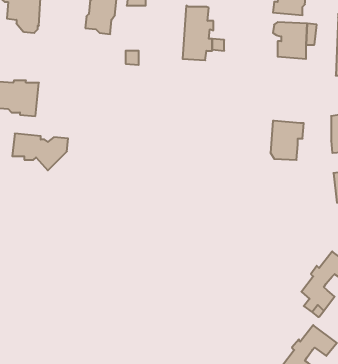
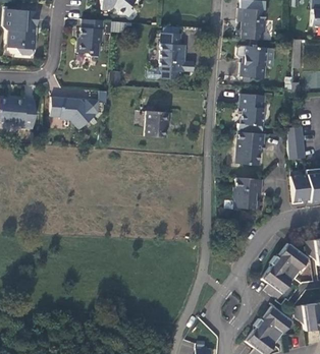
building: none -> [238,95,263,133]
building: none -> [146,111,168,137]
building: [12,134,68,170] -> [52,97,100,128]
building: none -> [231,177,262,209]

